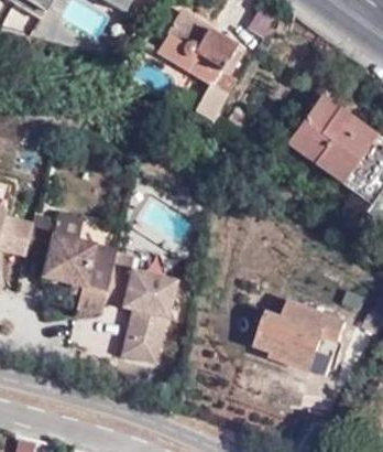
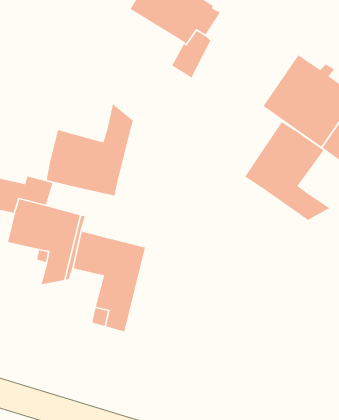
building: none -> [46,103,134,196]
building: none -> [244,121,331,221]
building: [256,302,344,376] -> none

